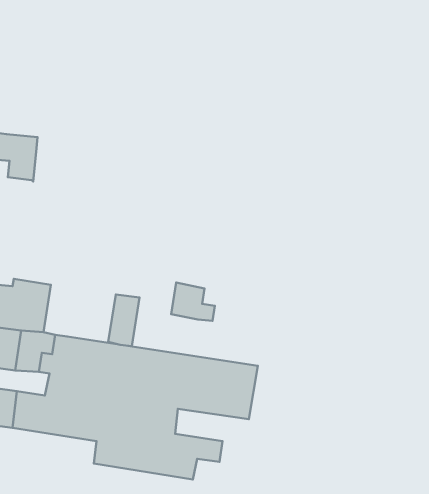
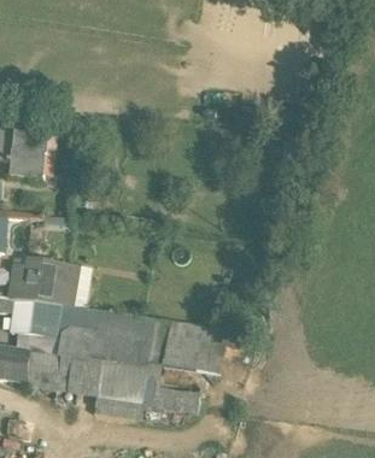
building: [171,282,215,321] -> none
building: [108,294,139,346] -> [52,264,77,306]

